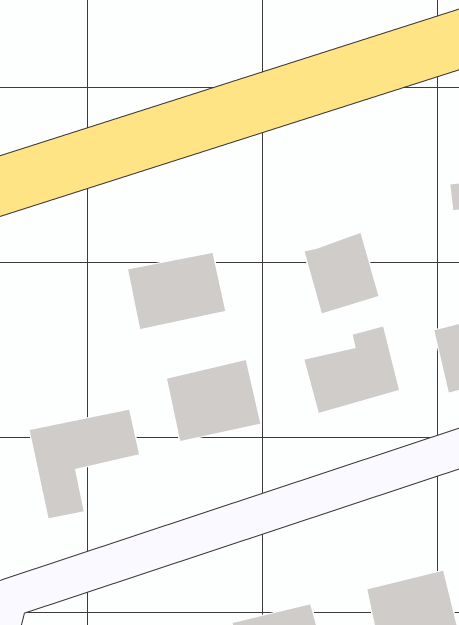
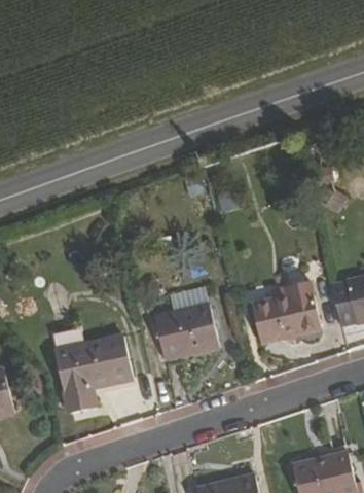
building: [304,232,379,314] -> none
building: [128,252,226,330] -> none

